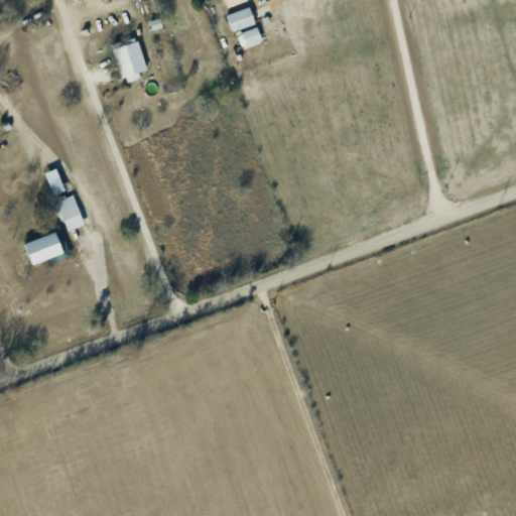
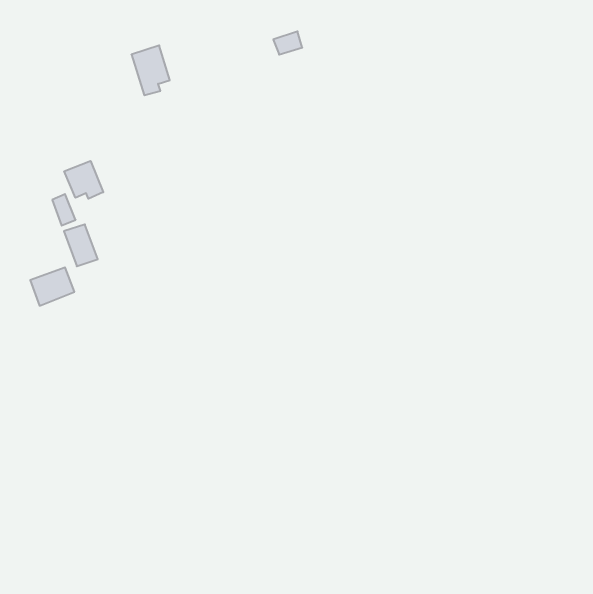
building: [227,6,256,32] -> none
building: none -> [64,161,103,199]

